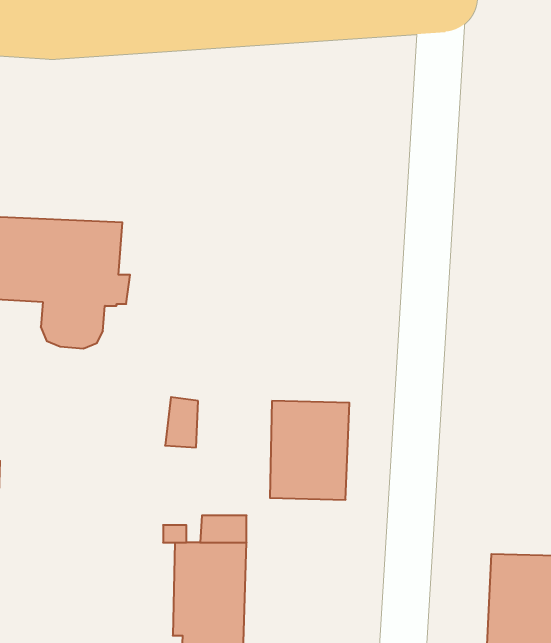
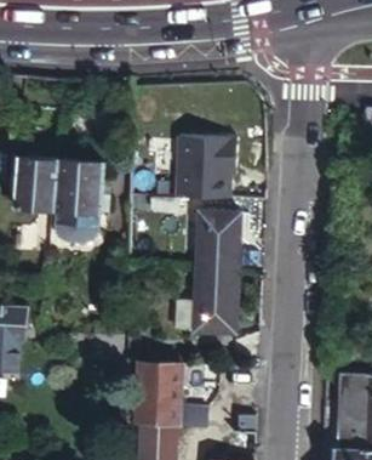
building: none -> [174,140,234,201]
building: none -> [196,214,246,276]

